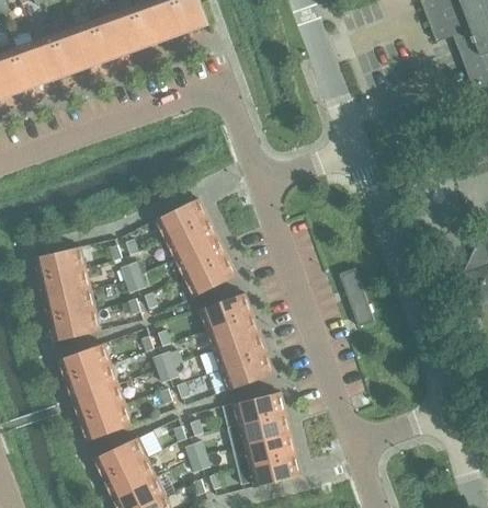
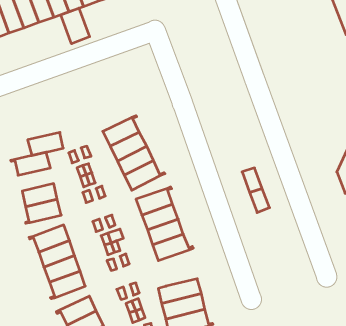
building: none -> [61,8,90,44]
building: [43,267,90,298] -> [28,132,63,156]
building: [223,391,281,427] -> none

